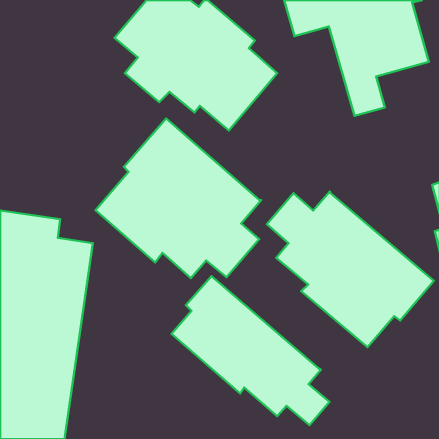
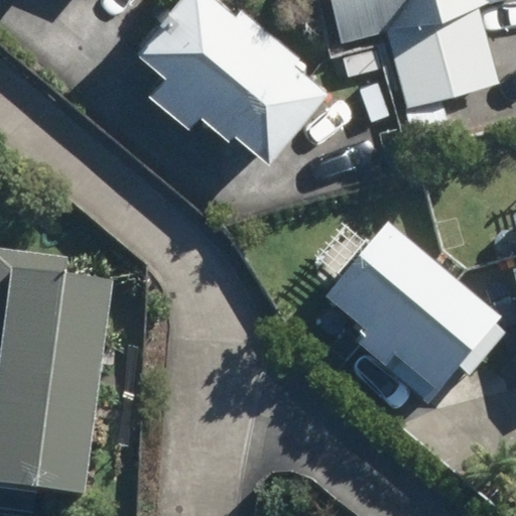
building: [96,119,261,278] -> none
building: [171,276,330,425] -> none

